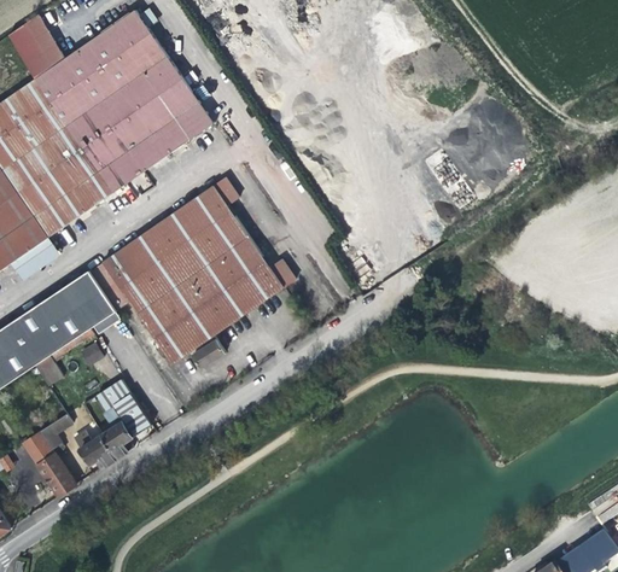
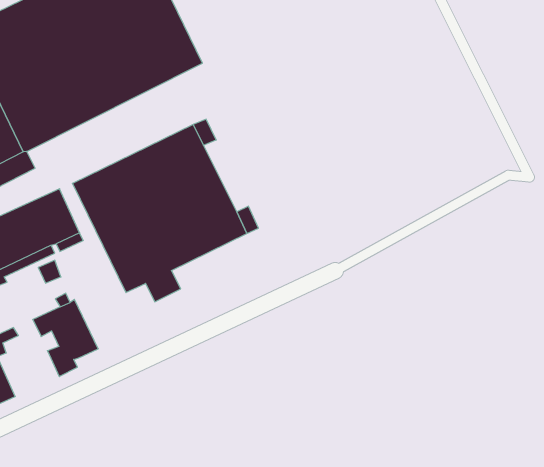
building: [74,433,116,471] -> none

